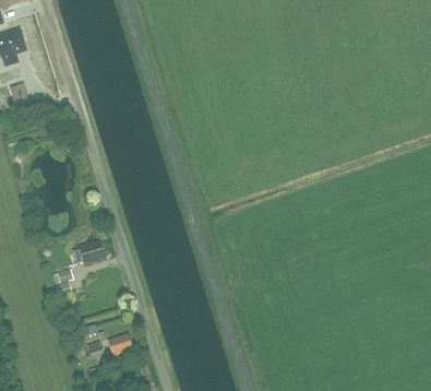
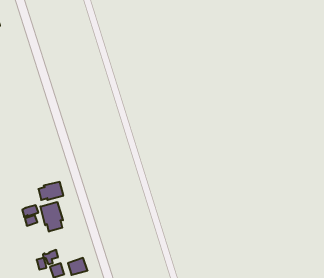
building: none -> [40,202,63,232]

